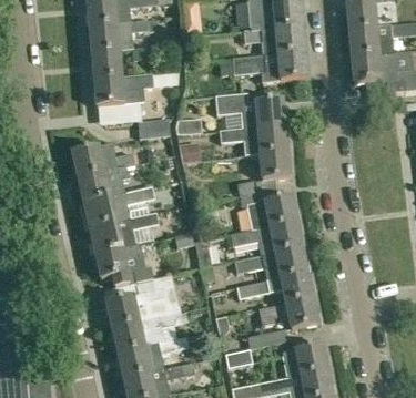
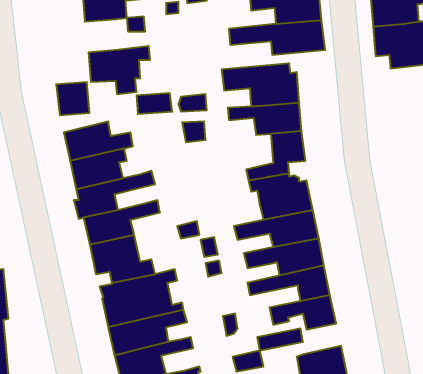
building: [91,50,121,80] -> [56,82,89,115]

